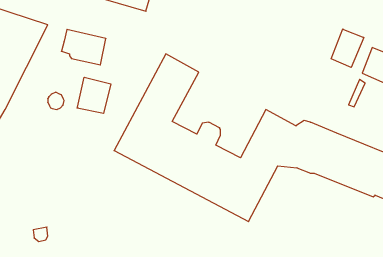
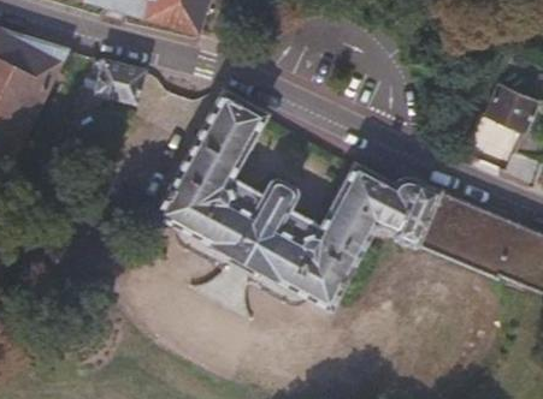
building: [331,29,364,67] -> none
building: [77,77,111,113] -> none

